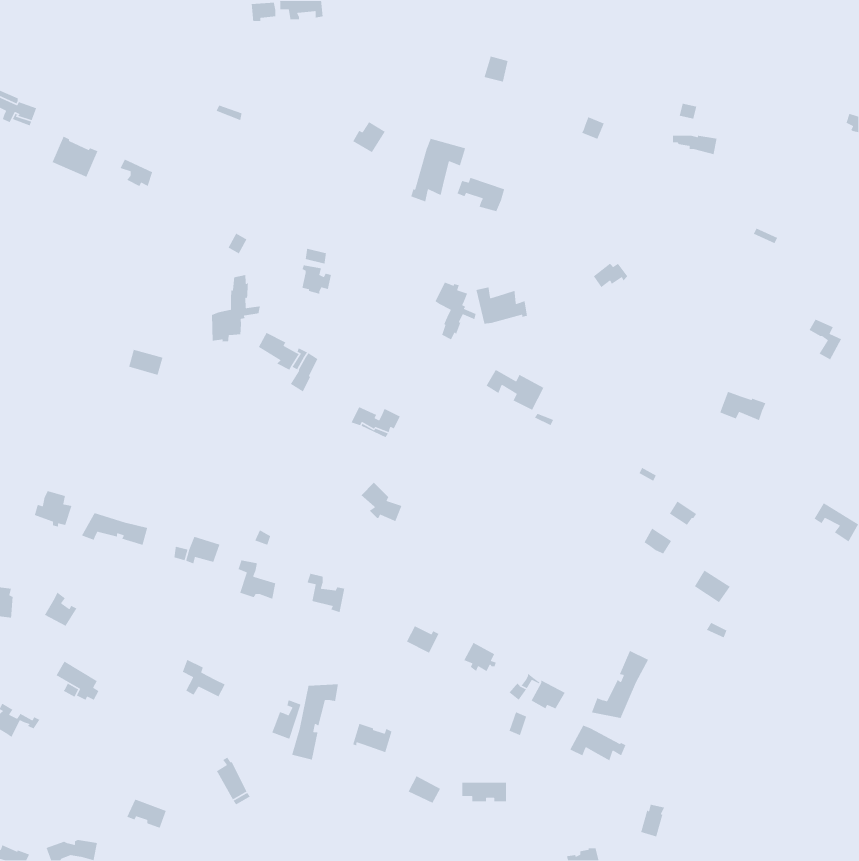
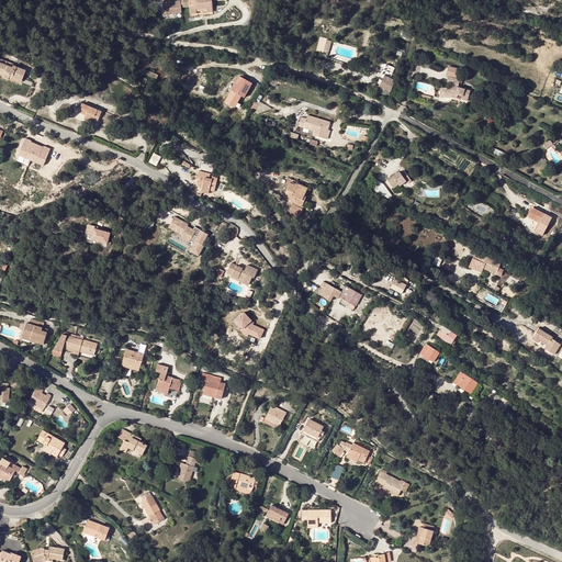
building: [51,136,99,178] -> [16,139,47,167]
building: [410,138,466,203] -> none
building: [211,274,261,342] -> none
building: [475,286,528,324] -> none
building: [485,369,544,411] -> [322,282,360,310]
building: [591,650,649,719] -> none
building: [291,684,339,760] -> none

